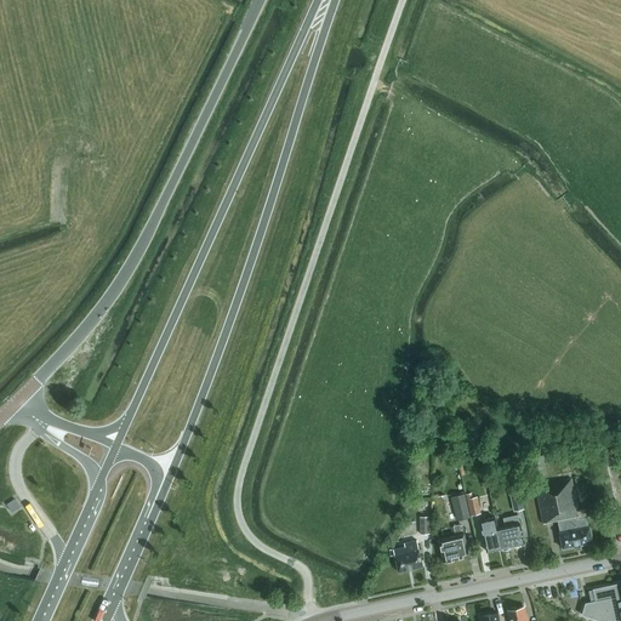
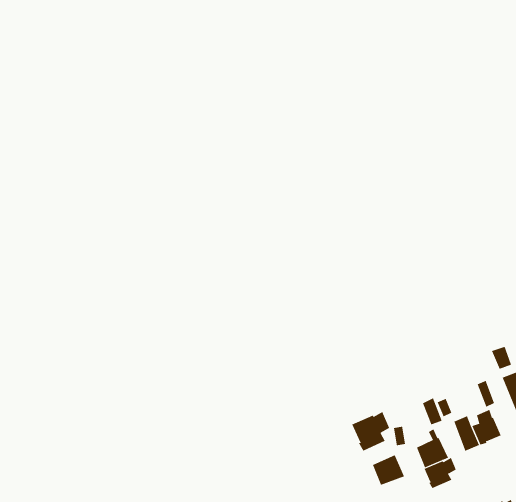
building: none -> [352,411,390,451]
building: none -> [424,457,457,489]

